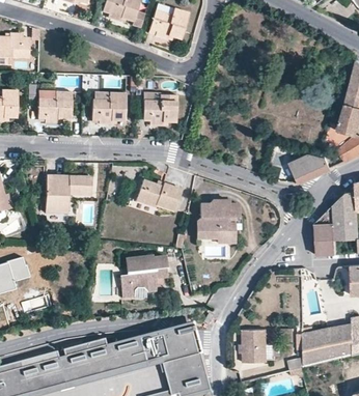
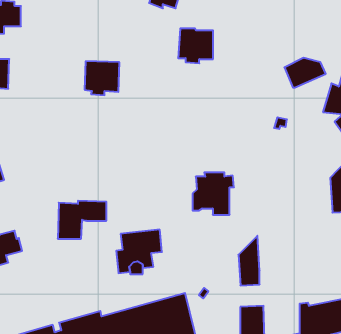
building: [37,92,72,123] -> none
building: [142,93,176,128] -> [178,28,213,63]
building: [289,154,330,183] -> [284,58,326,88]
building: [45,176,92,214] -> [58,201,106,239]
building: [136,180,182,211] -> none
building: [313,206,334,255] -> [238,236,260,285]

